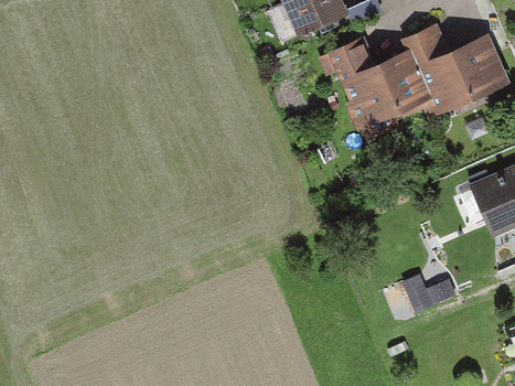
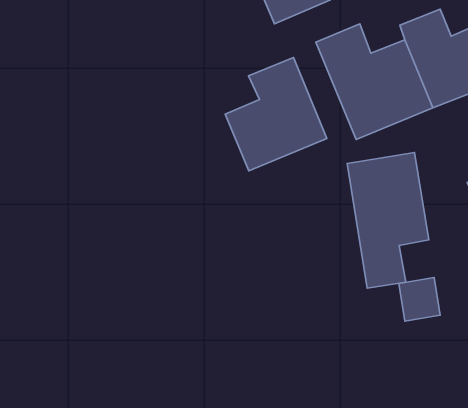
building: none -> [225,58,327,171]
building: none -> [347,153,429,288]

